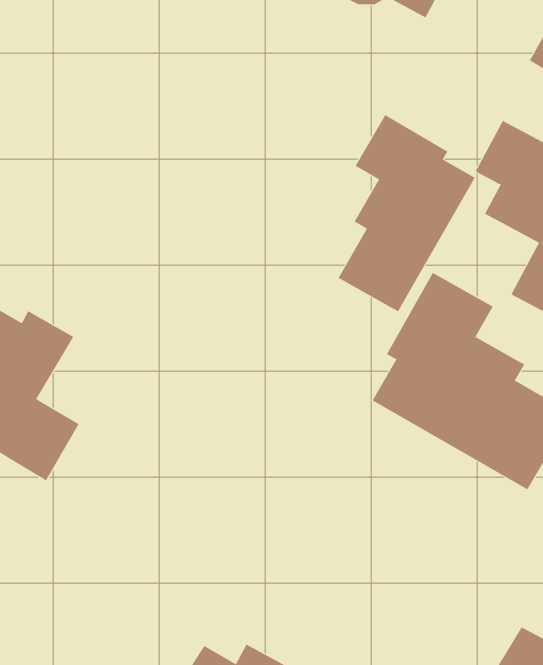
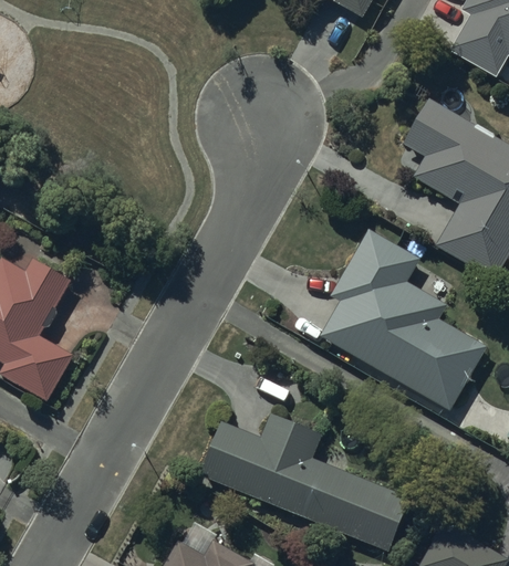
building: [338,114,476,312] -> none
building: none -> [201,416,409,551]

